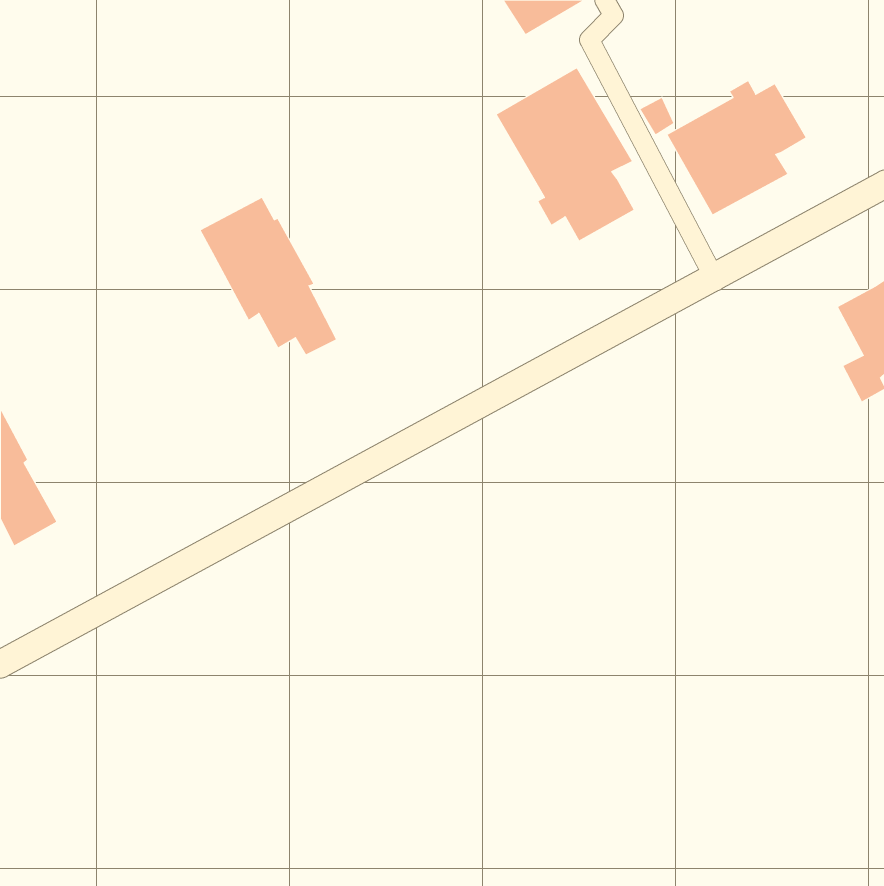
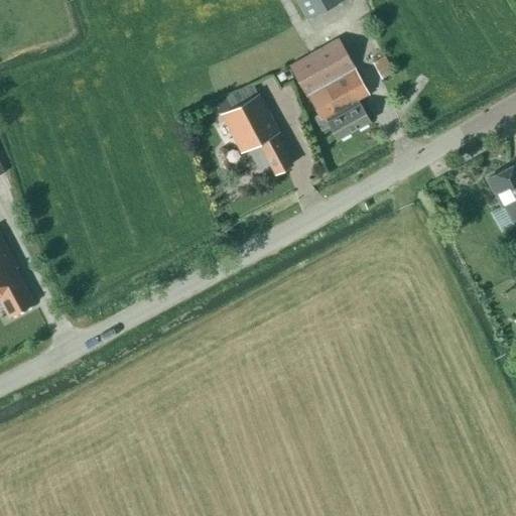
building: [667,80,806,215] -> none
building: [200,197,337,355] -> [214,82,293,173]

